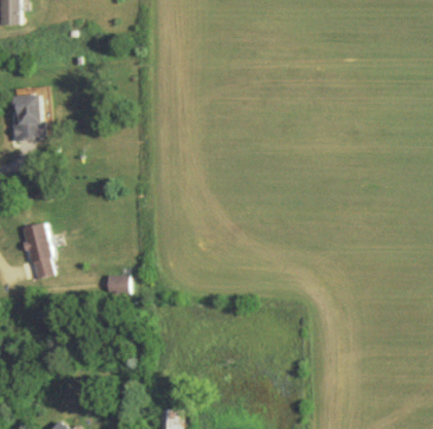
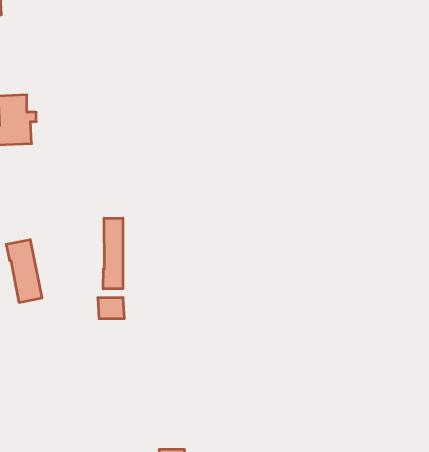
building: none -> [103,218,123,289]

